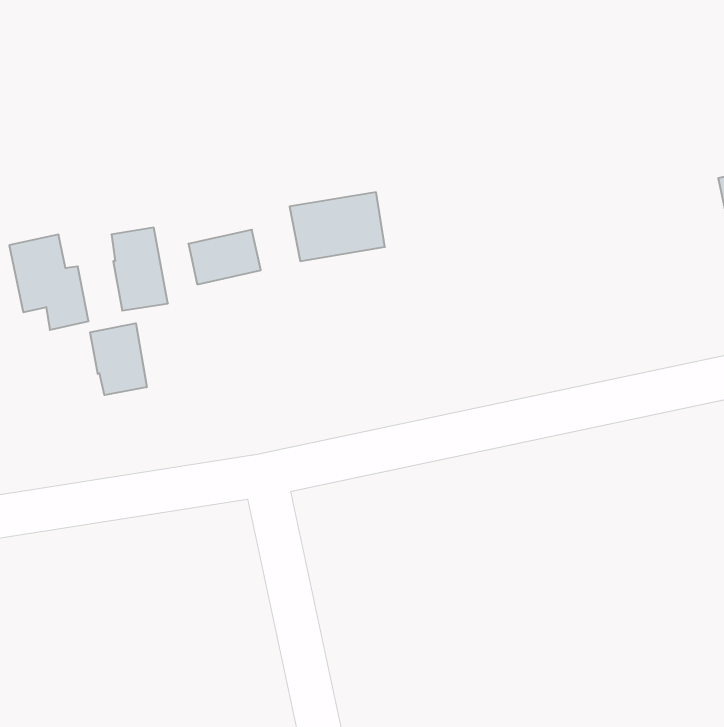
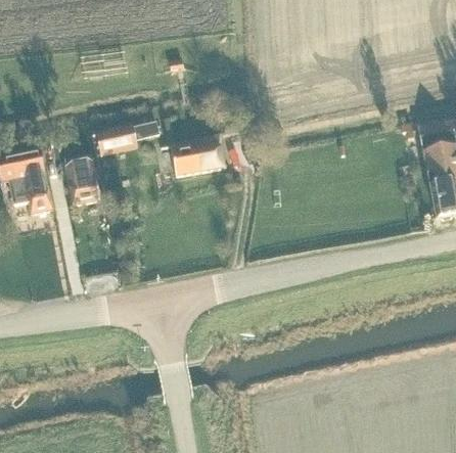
building: [188,230,261,284] -> [96,123,138,154]
building: [90,323,147,395] -> none

